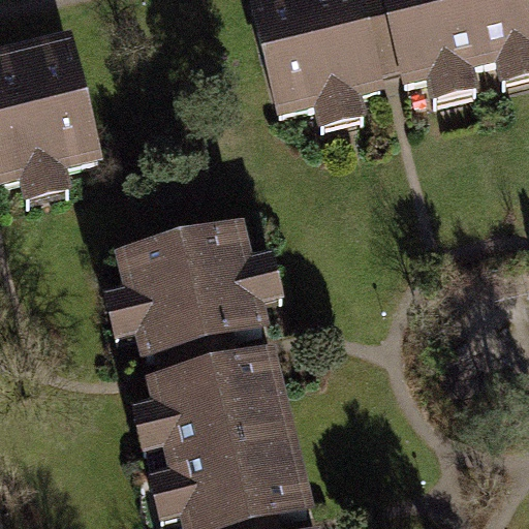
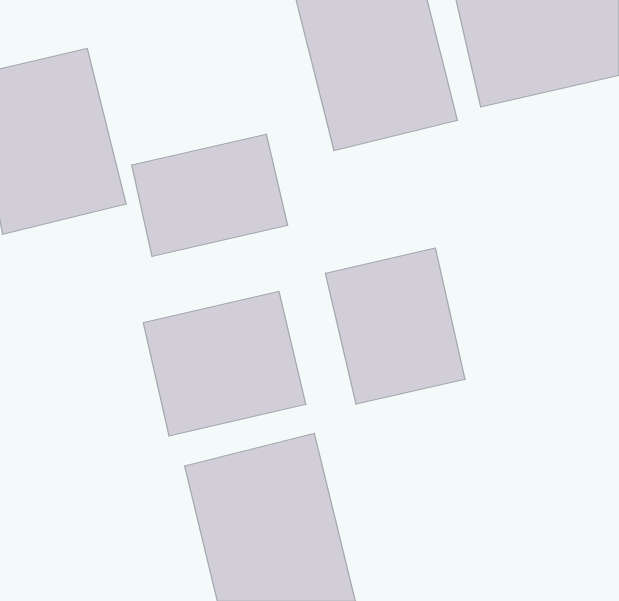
building: none -> [132,134,288,257]
building: none -> [326,248,465,404]

